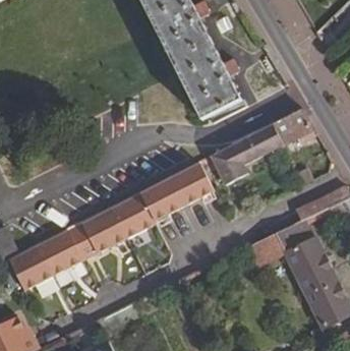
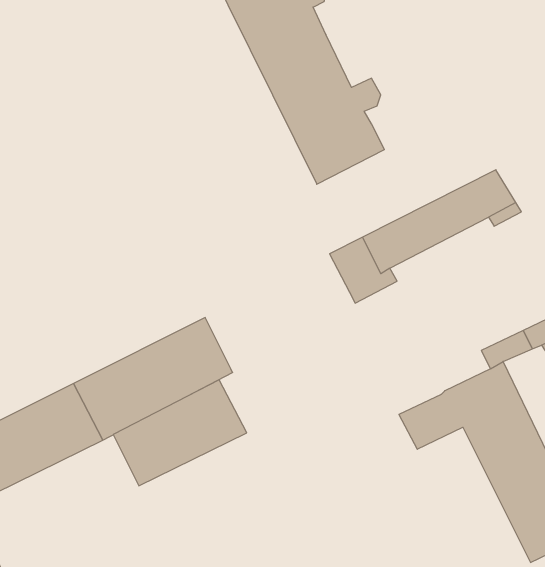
building: [139,162,214,221] -> [113,380,247,486]

